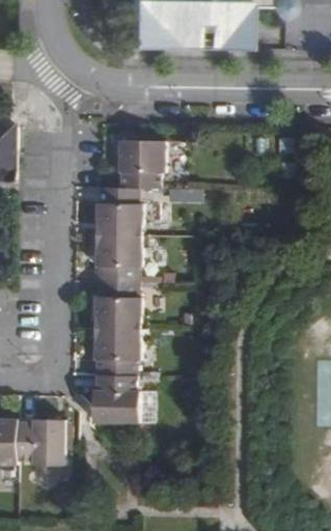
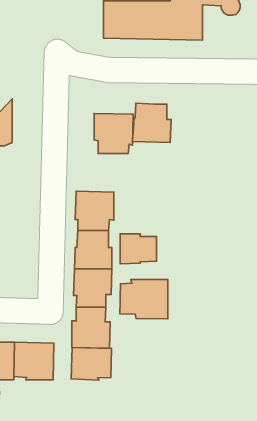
building: [96,187,143,234] -> [133,103,171,142]
building: none -> [120,234,156,264]
building: none -> [120,279,168,319]
building: none -> [71,347,111,380]

